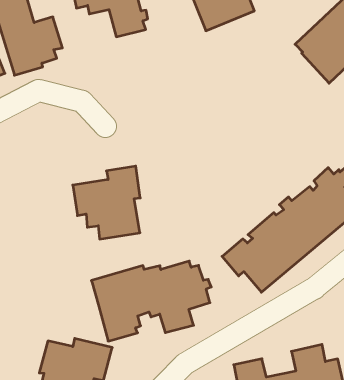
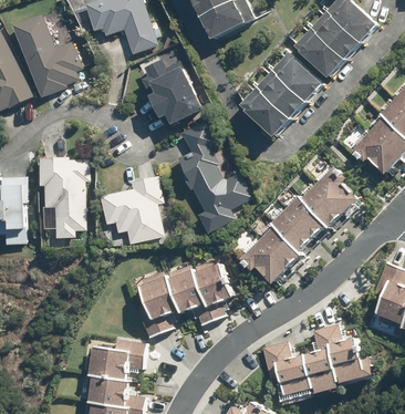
building: none -> [139,59,201,127]
building: none -> [239,54,324,141]
building: none -> [178,116,253,231]
building: none -> [42,154,89,236]

